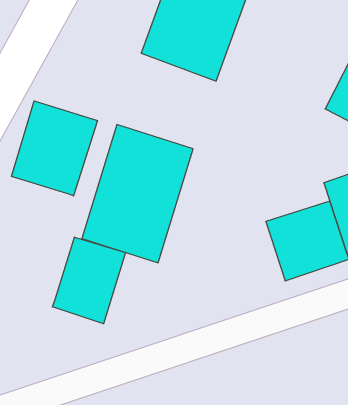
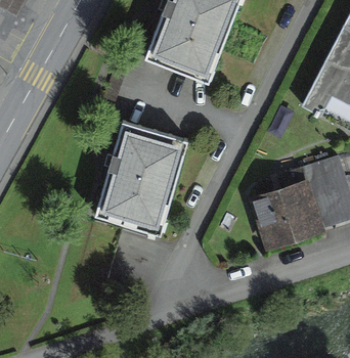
building: [11,101,98,196] -> none
building: [52,237,126,324] -> none

